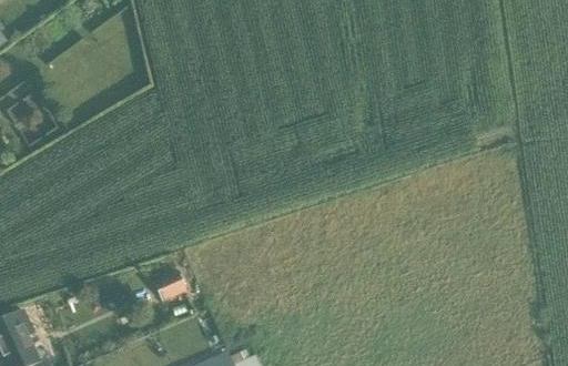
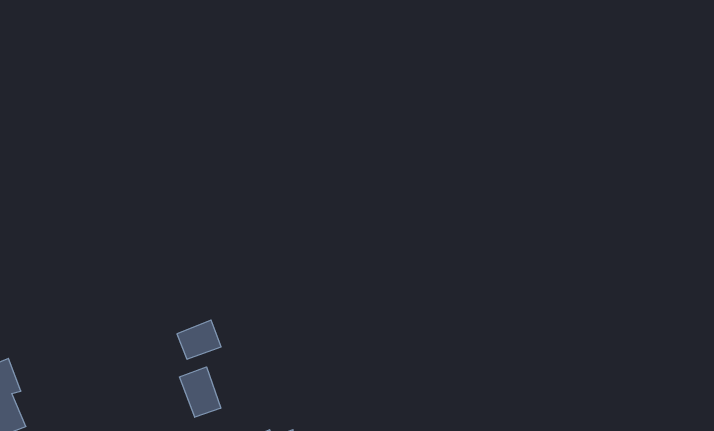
building: none -> [180,367,221,417]

